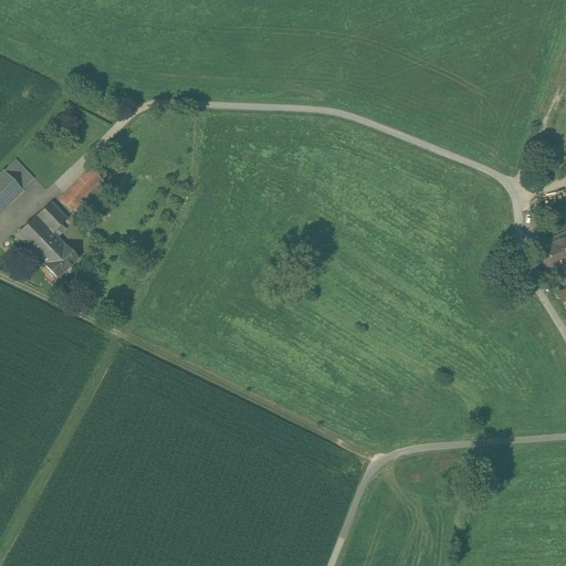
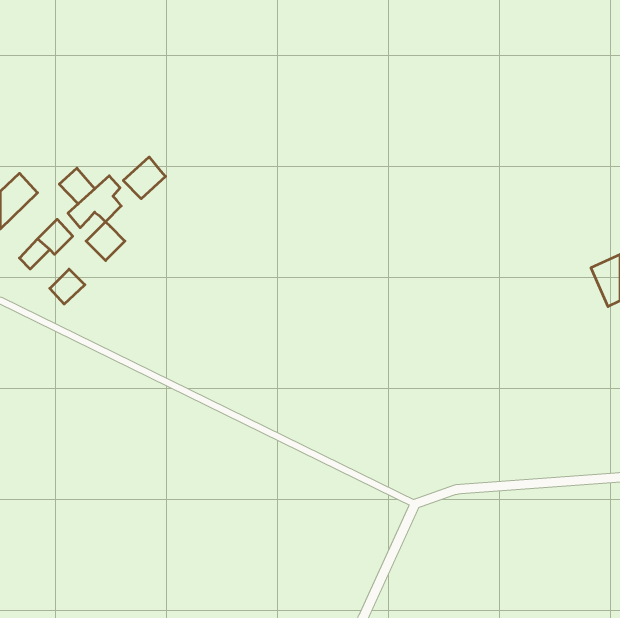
building: none -> [123,157,166,199]
building: none -> [59,168,95,204]
building: [28,228,63,263] -> [86,222,125,261]

